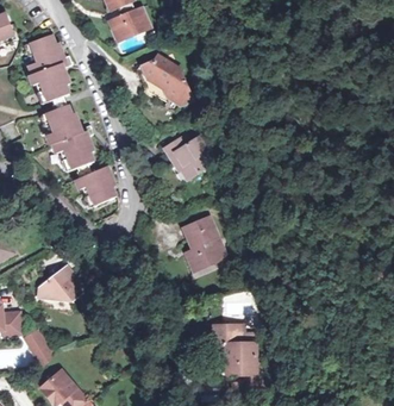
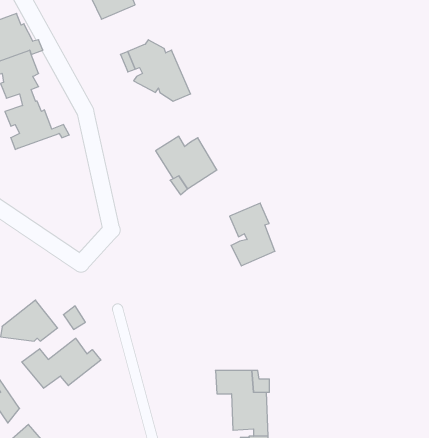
building: [51,132,114,207] -> none
building: [183,218,220,269] -> [230,203,275,266]
building: none -> [22,338,101,388]

